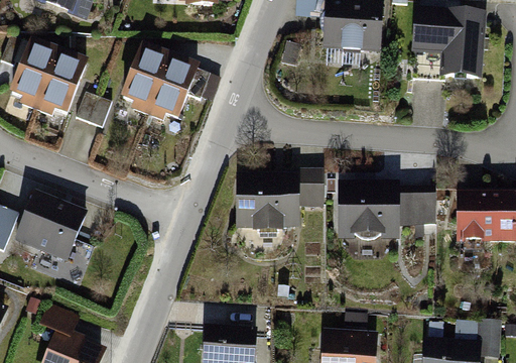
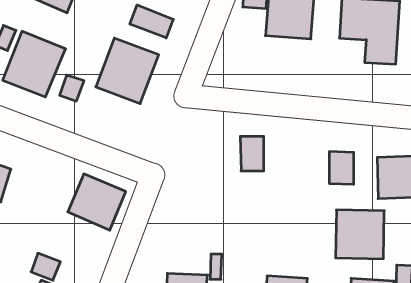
building: none -> [130,5,173,38]
building: [239,176,292,230] -> none
building: [338,183,396,241] -> [336,210,384,259]
building: [14,194,84,261] -> [68,174,126,230]

